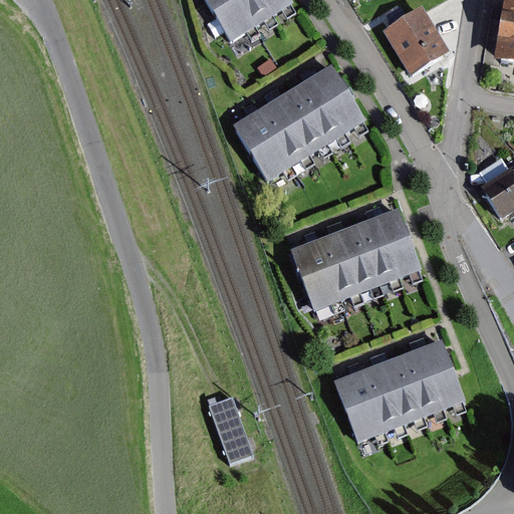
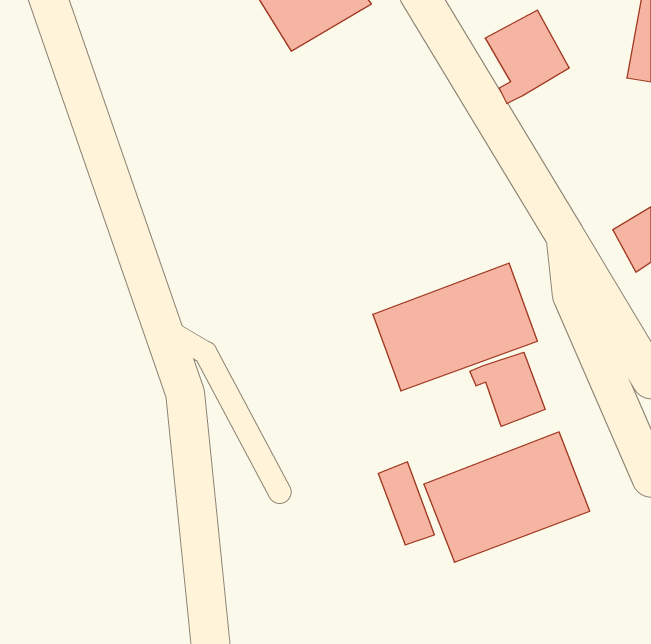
building: [232,64,364,179] -> none
building: none -> [470,352,545,426]
building: [209,397,253,462] -> [378,462,434,545]

